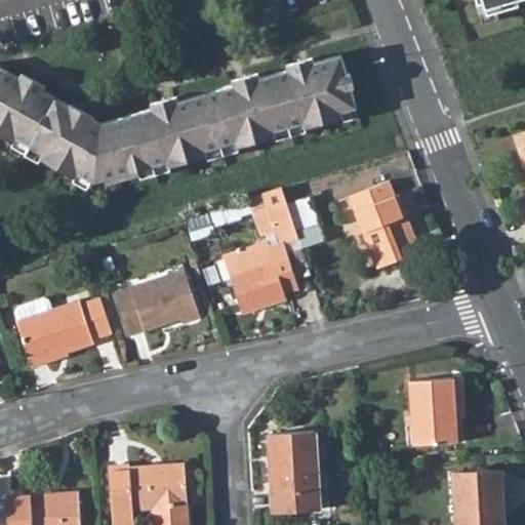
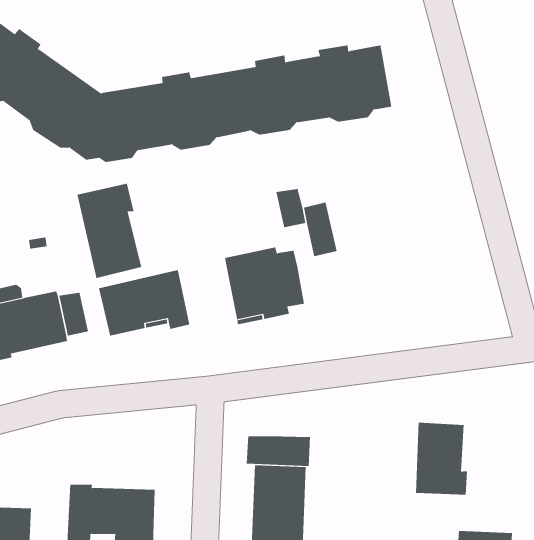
building: [350,183,420,269] -> none
building: none -> [77,183,142,279]
building: none -> [246,435,310,467]

